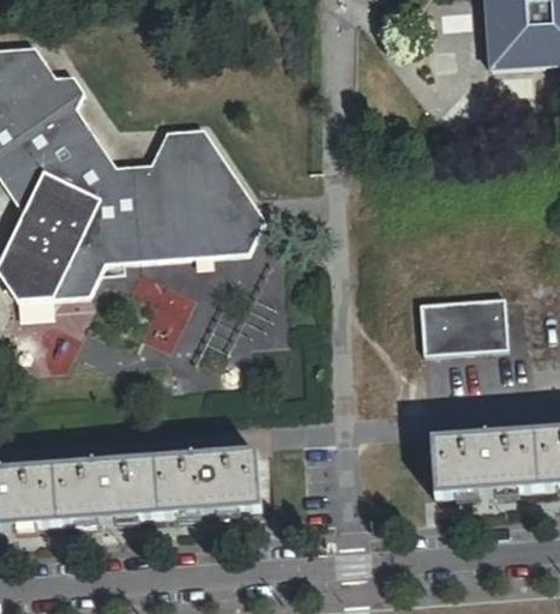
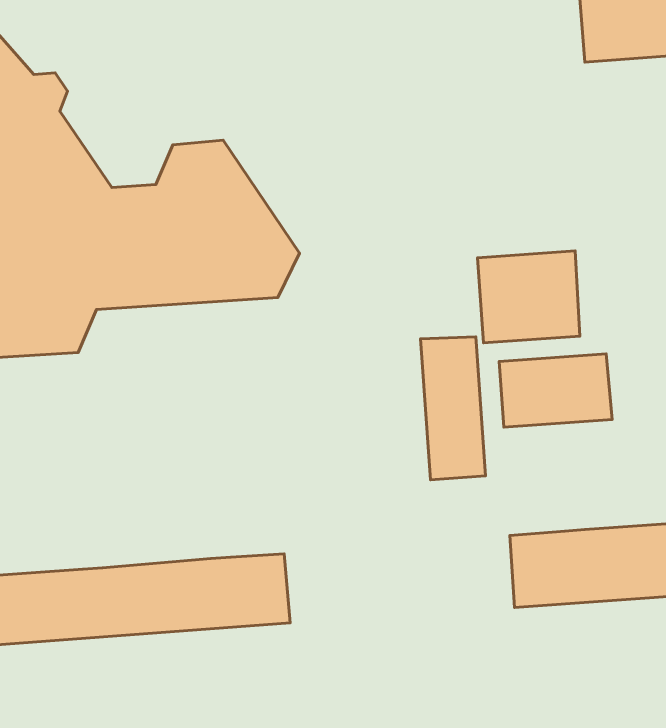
building: none -> [478,251,580,343]
building: none -> [421,337,486,480]

